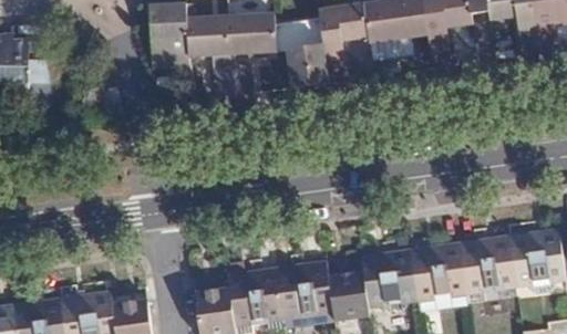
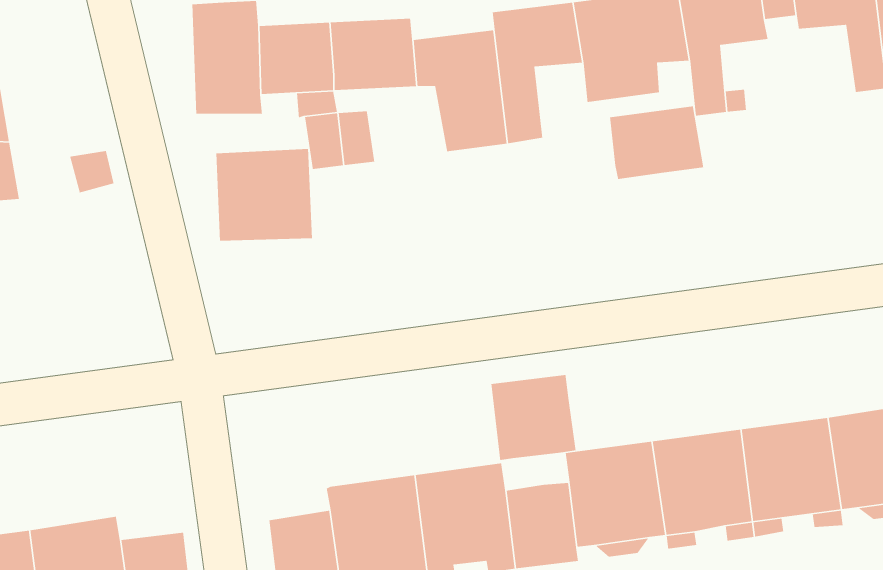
building: none -> [609,105,704,180]
building: none -> [215,148,313,241]
building: none -> [491,374,577,461]

